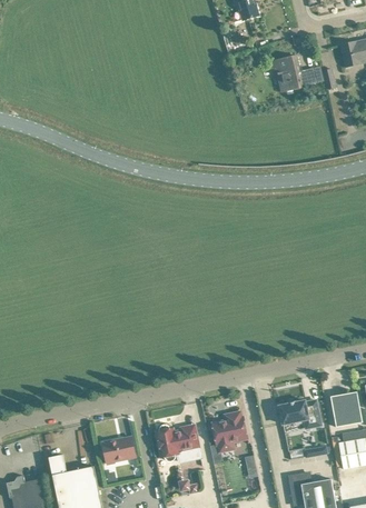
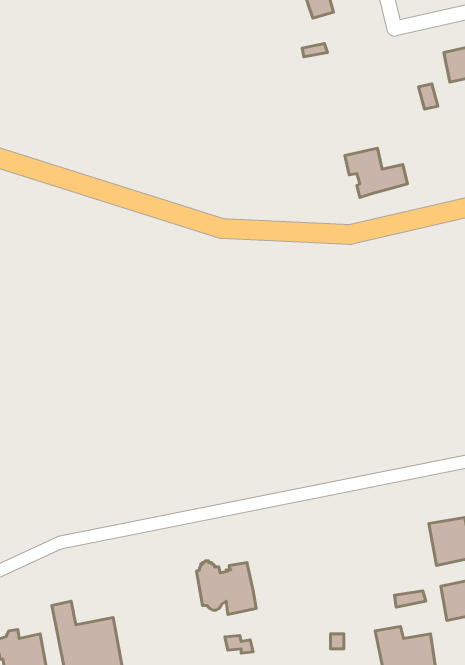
building: [270,56,317,92] -> [345,148,407,197]
building: [278,399,320,428] -> none
building: [211,411,247,451] -> none
building: [101,436,135,464] -> none

